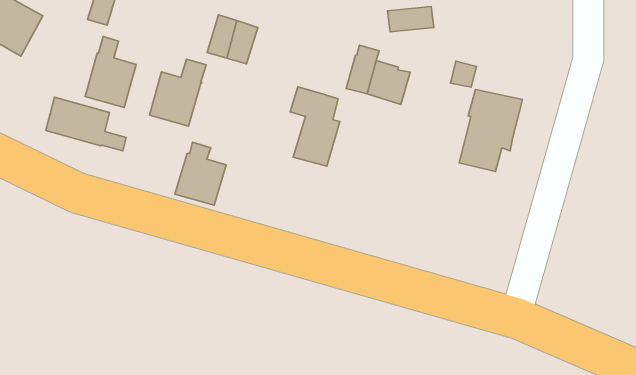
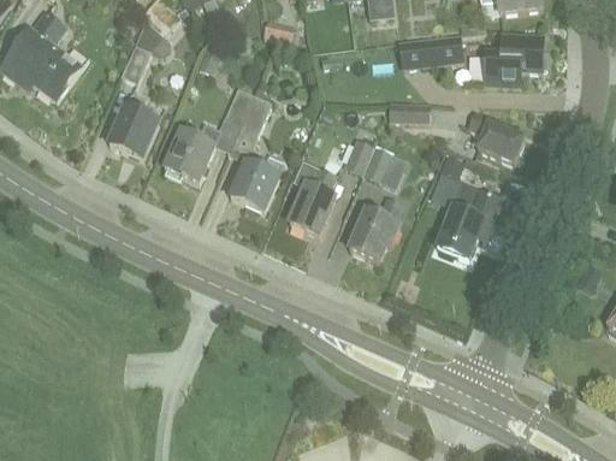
building: none -> [468,111,523,164]
building: [46,97,126,151] -> none
building: none -> [348,197,401,261]
building: [175,142,226,205] -> [229,153,278,212]

